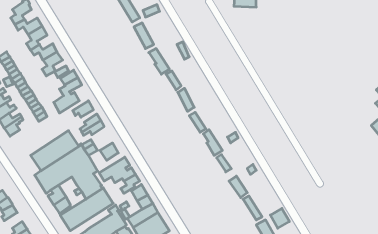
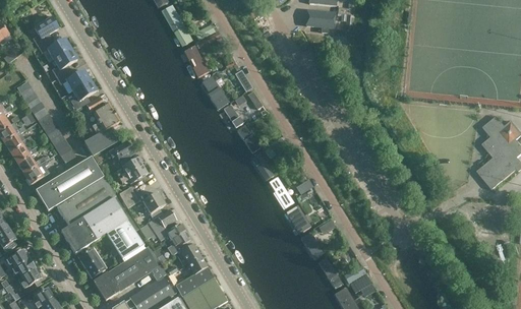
building: none -> [35,157,103,210]

